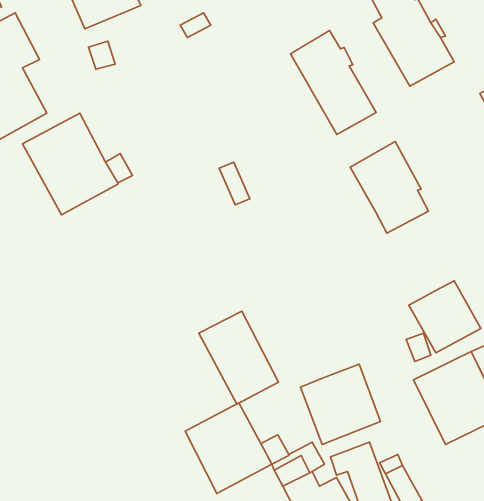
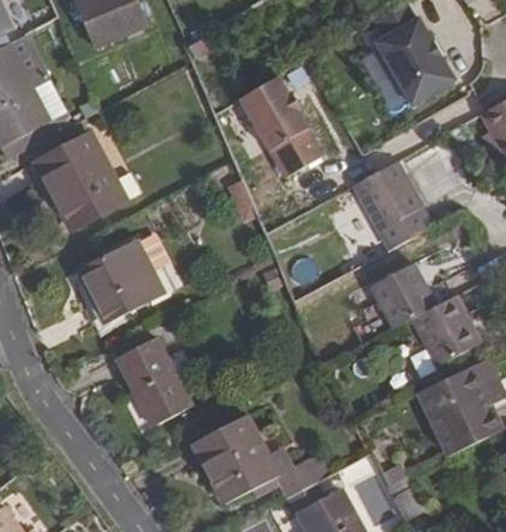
building: [290,31,376,134] -> [239,77,323,178]
building: none -> [77,241,165,324]
building: none -> [371,263,438,329]
building: [199,311,278,404] -> [115,337,193,428]
building: [300,364,381,445] -> none

